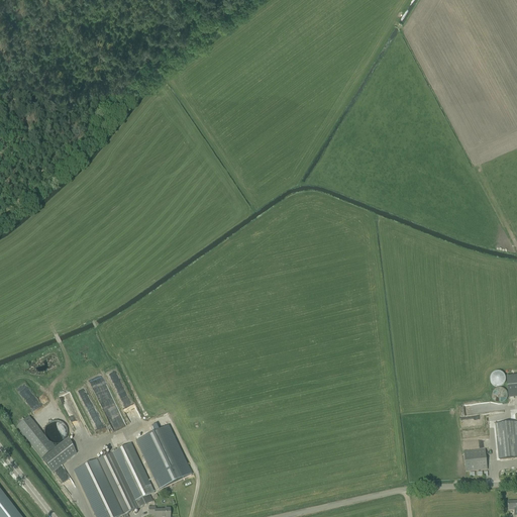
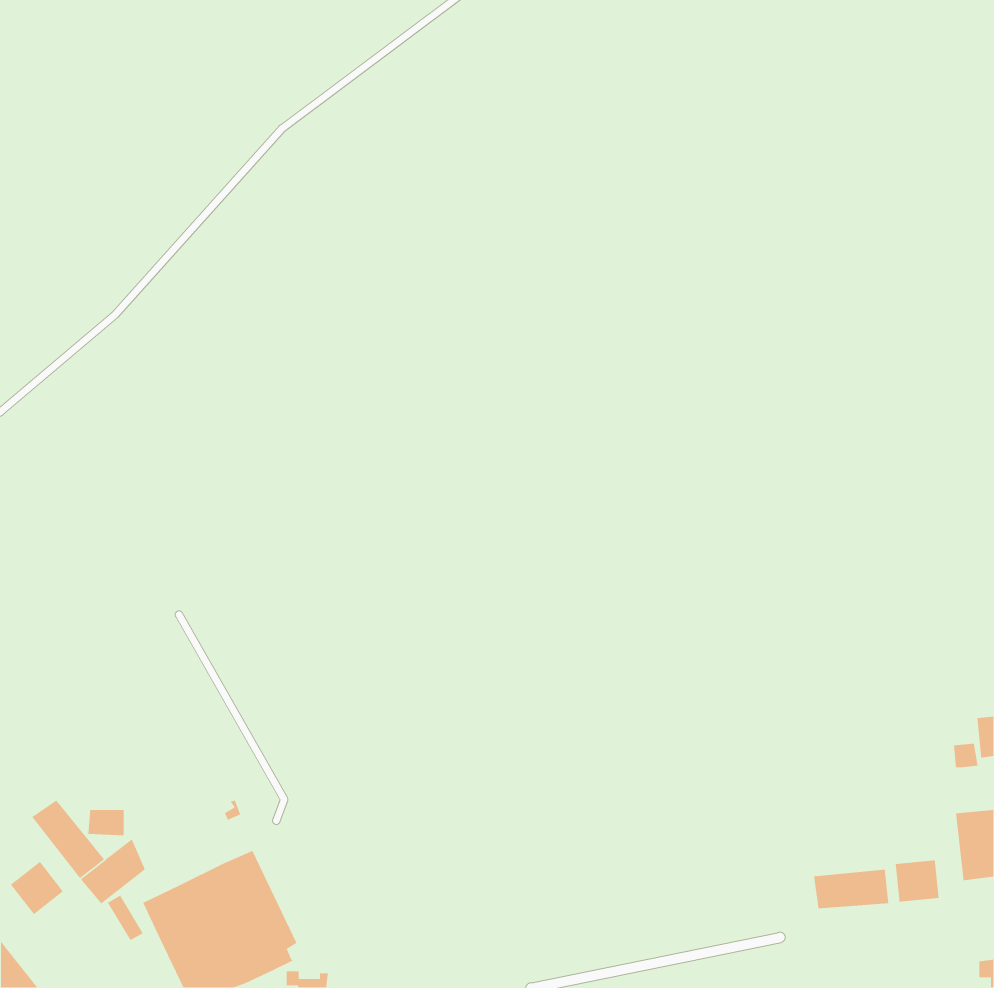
building: [136,423,191,488] -> none
building: none -> [10,861,64,915]
building: none -> [813,869,889,909]

